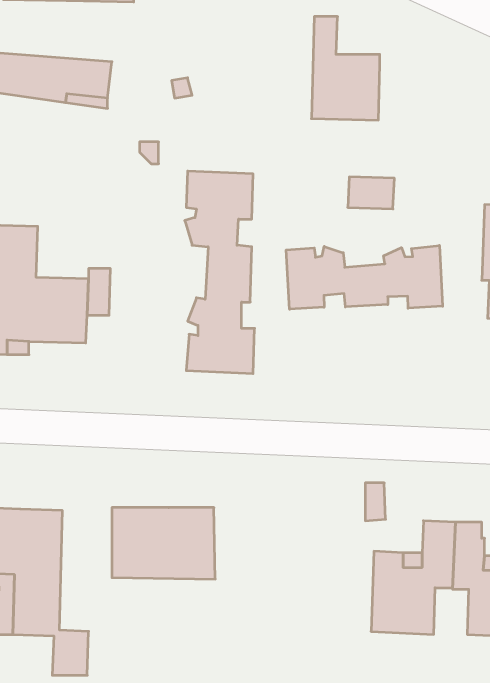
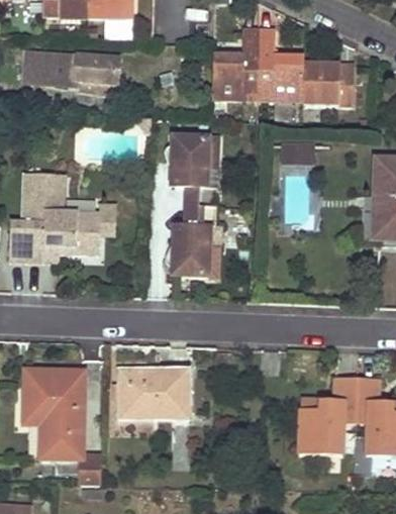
building: none -> [211,27,259,99]
building: none -> [303,62,354,104]
building: [286,245,443,309] -> none

